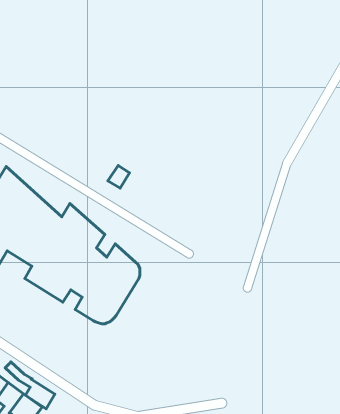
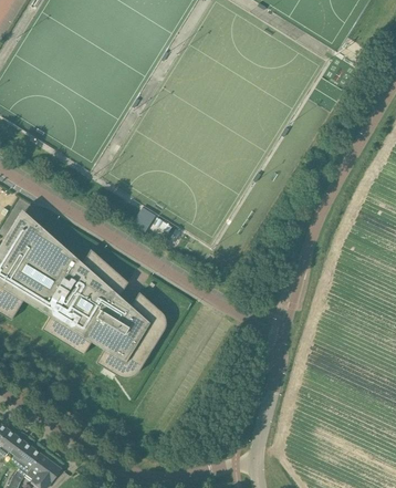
building: [5,362,55,409] -> none

